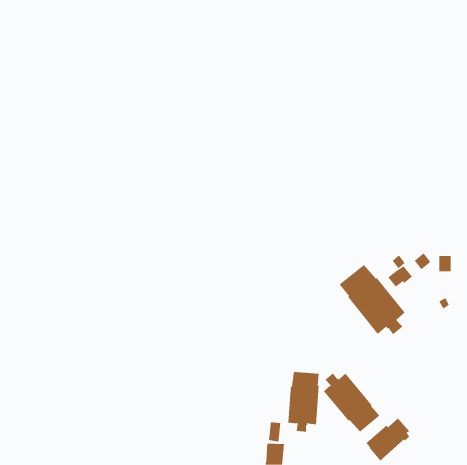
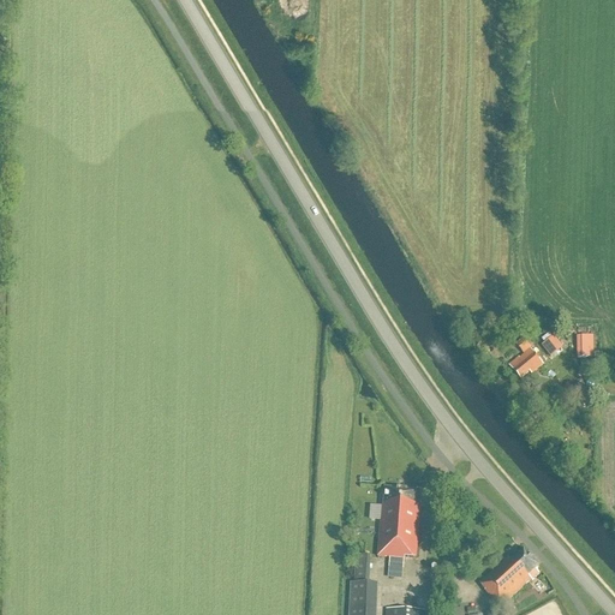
building: [339,264,406,335] -> none
building: [323,372,380,432] -> none

